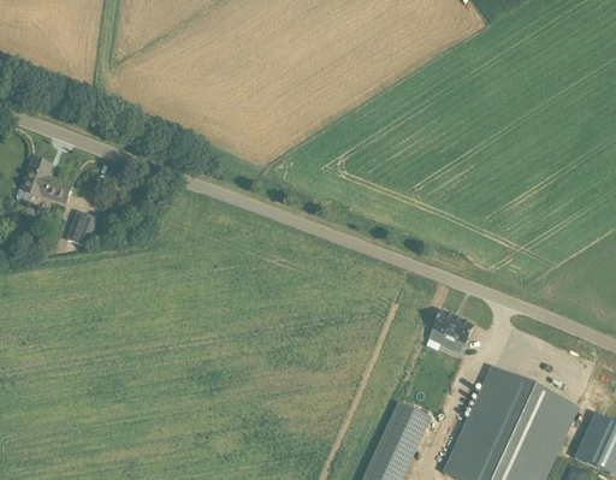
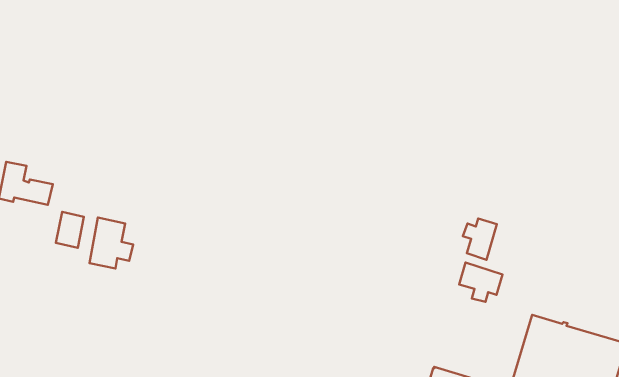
building: none -> [89,217,133,268]
building: none -> [463,218,497,260]

